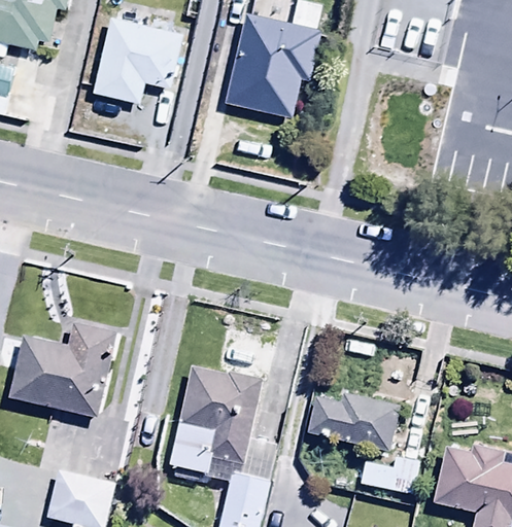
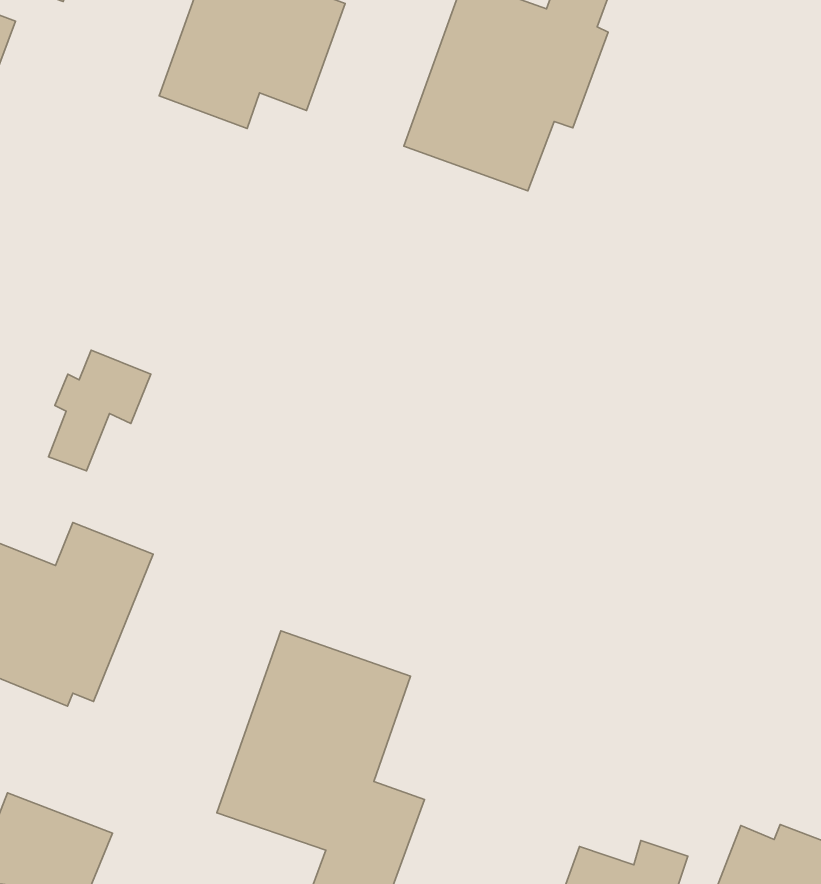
building: none -> [49,350,151,471]
building: [306,391,400,453] -> none

